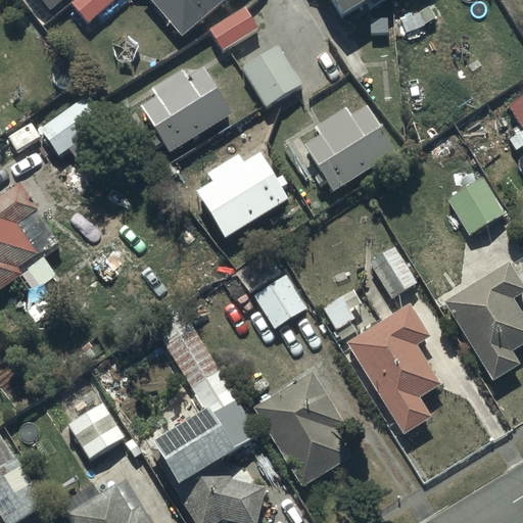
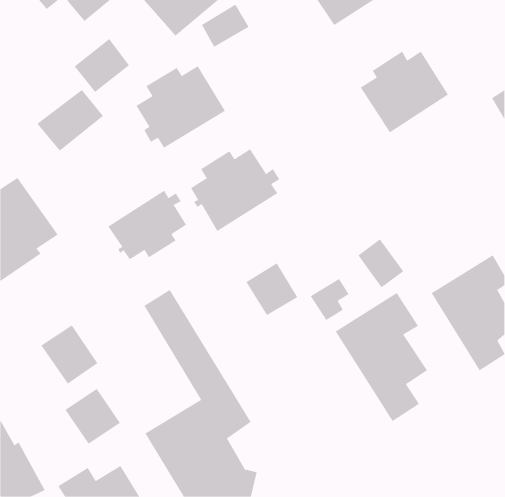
building: none -> [74,38,130,93]
building: [240,40,301,101] -> none
building: [303,108,395,193] -> [360,51,449,133]
building: [446,176,504,233] -> none
building: none -> [107,190,187,260]
building: none -> [41,324,98,385]
building: [253,373,353,488] -> none

